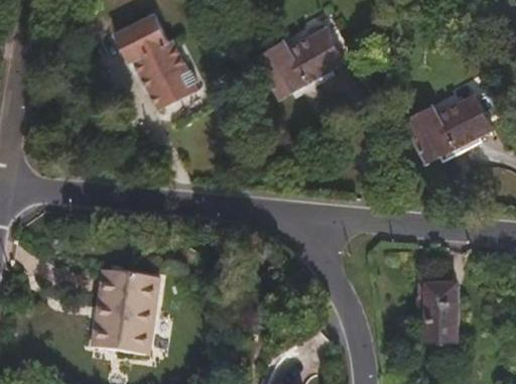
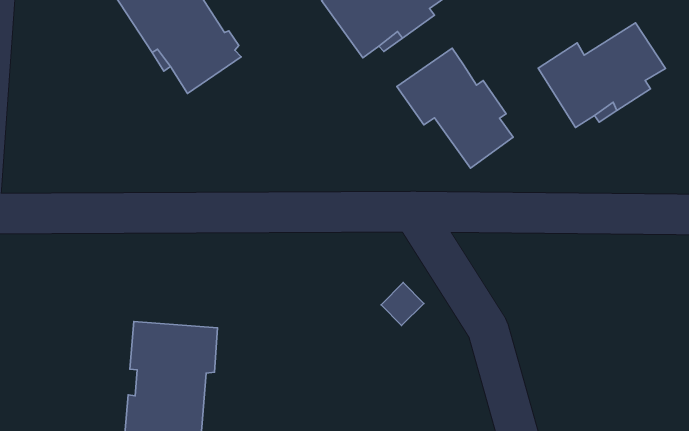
building: none -> [397,48,513,168]
building: [423,283,461,342] -> none

